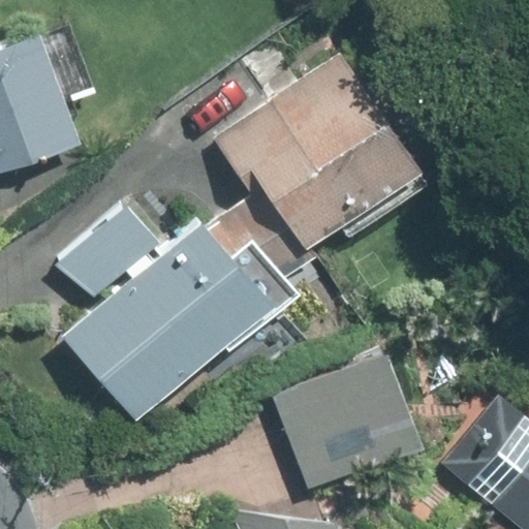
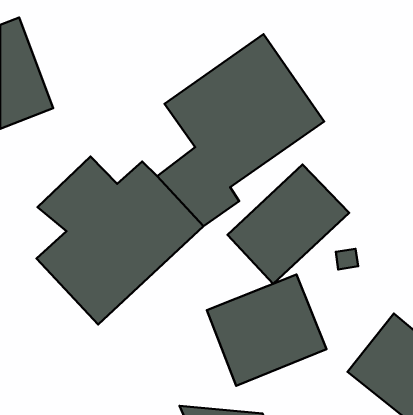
building: none -> [227,165,349,284]

